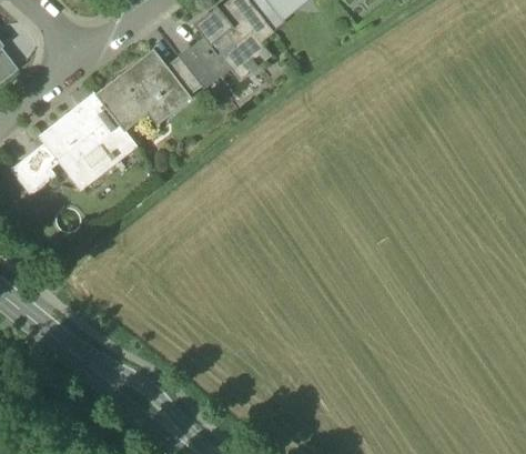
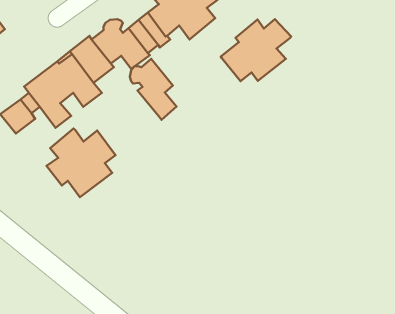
building: none -> [221,19,291,81]
building: none -> [130,59,176,120]
building: none -> [47,129,116,197]

